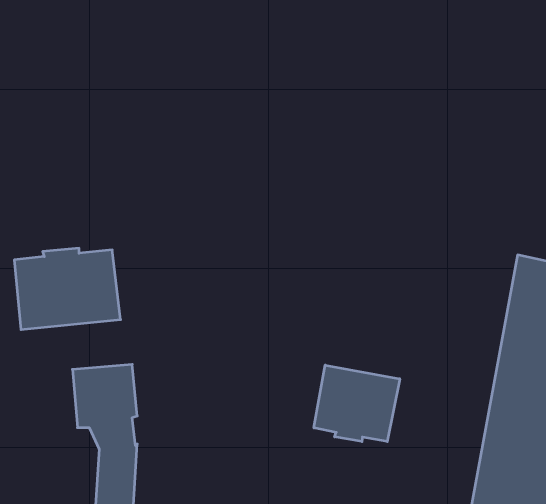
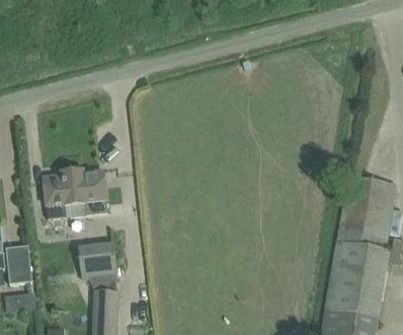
building: [314,365,400,442] -> none

